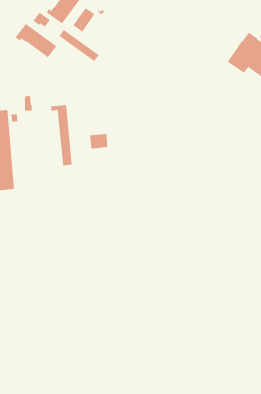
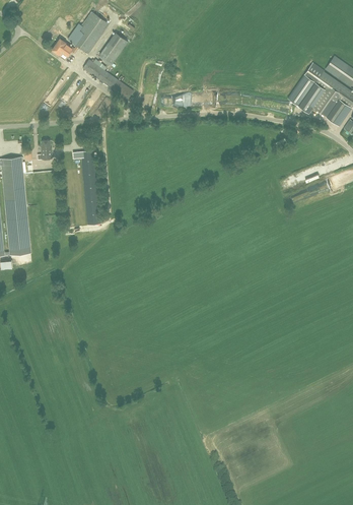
building: [15,23,57,58] -> none
building: [89,133,108,150] -> none

